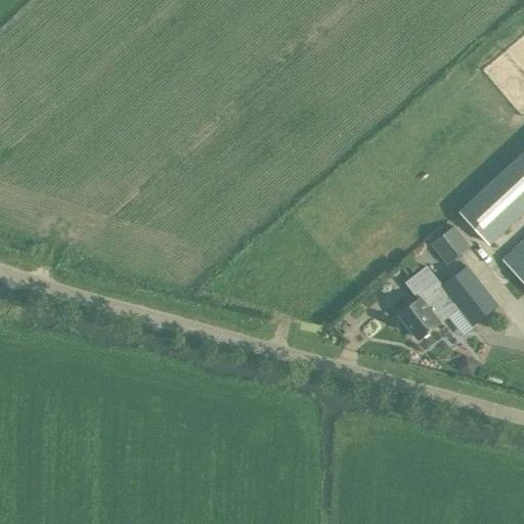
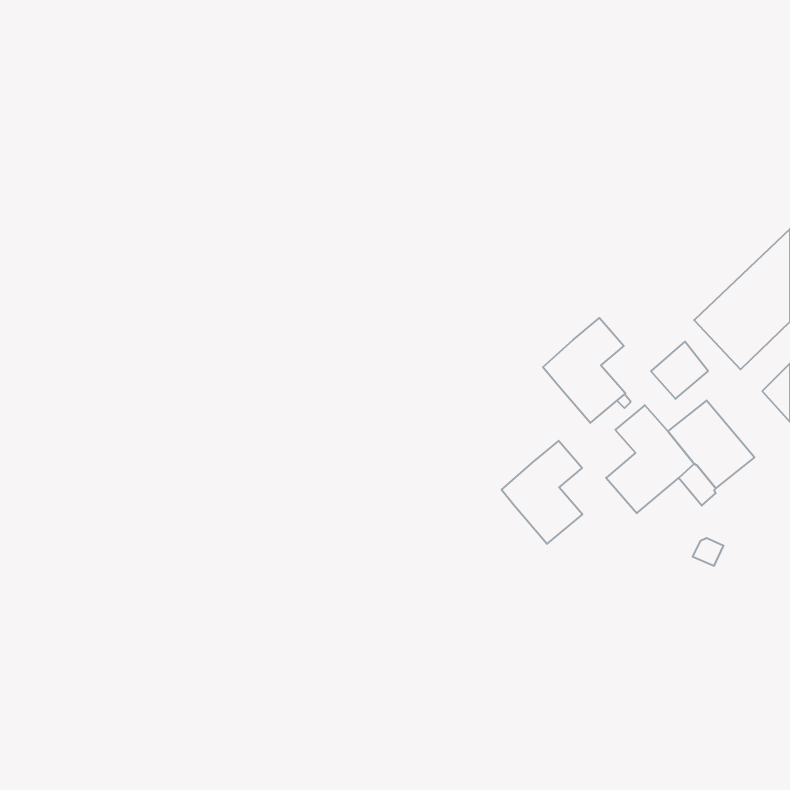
building: none -> [543,318,625,423]
building: none -> [502,441,582,544]

